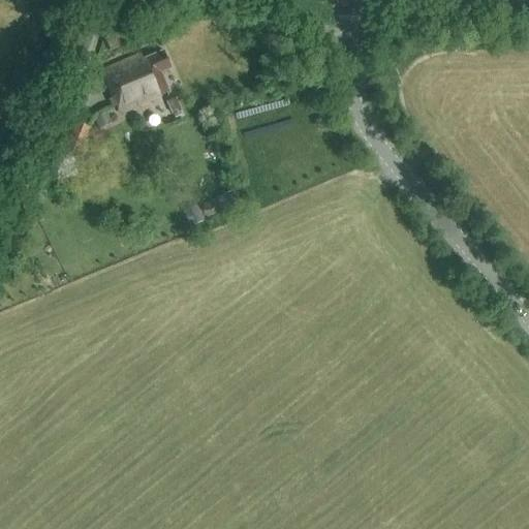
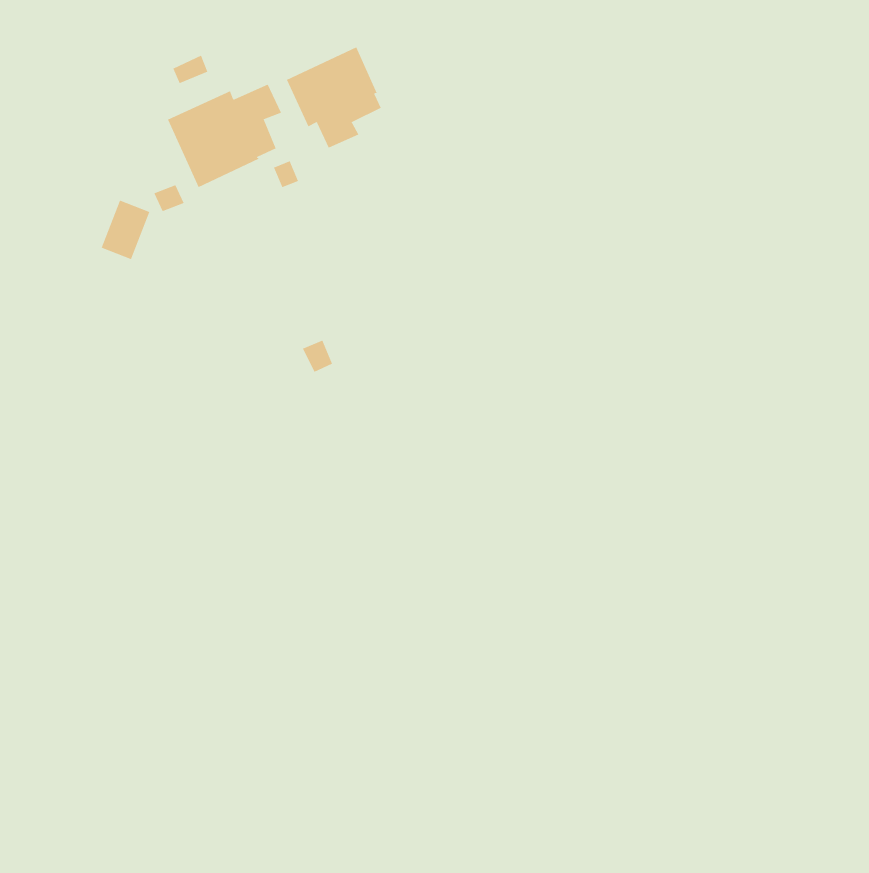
building: none -> [286,47,382,148]

